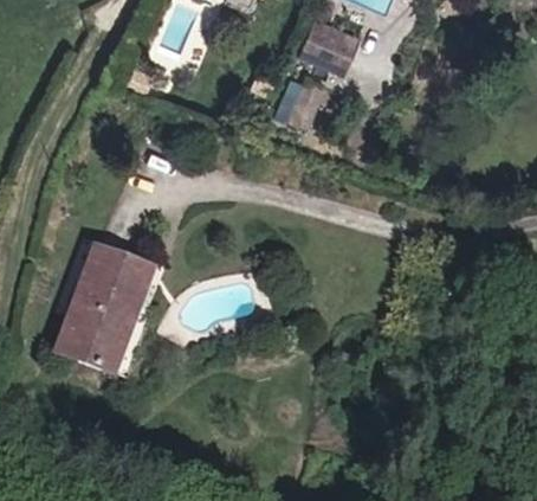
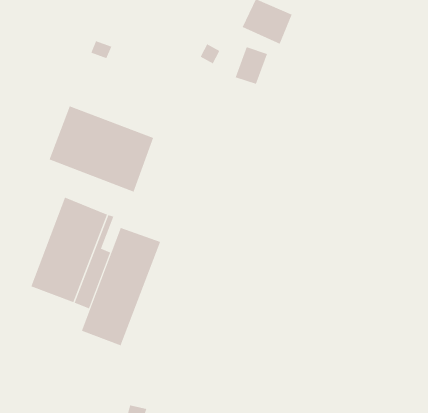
building: none -> [49,106,154,192]
building: none -> [81,227,161,346]

